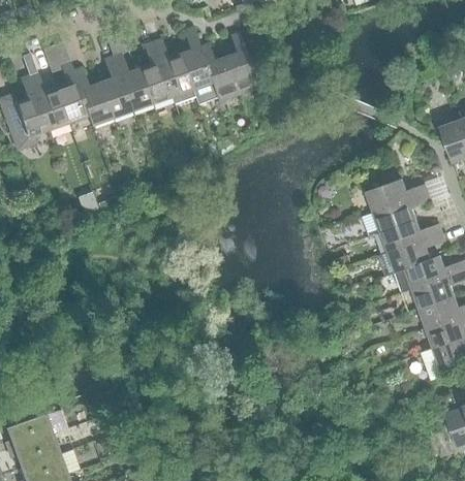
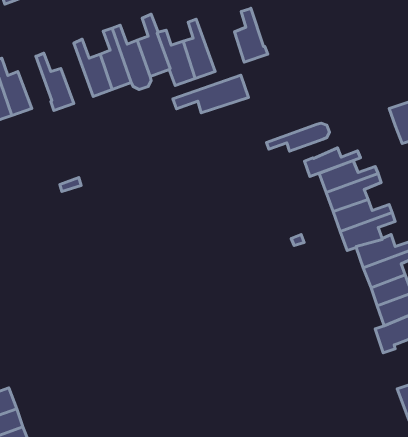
building: none -> [235,8,268,62]
building: [98,57,131,119] -> none
building: [54,60,89,124] -> none
building: none -> [173,75,249,113]
building: none -> [267,123,330,151]
building: none -> [304,148,360,176]

